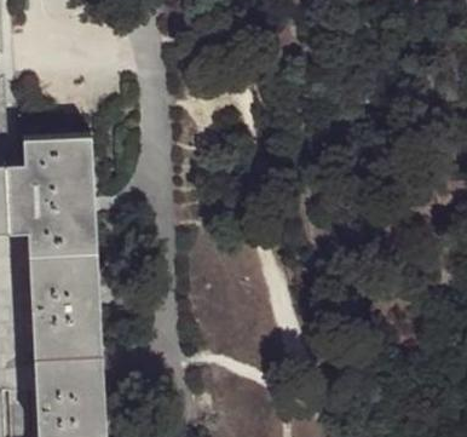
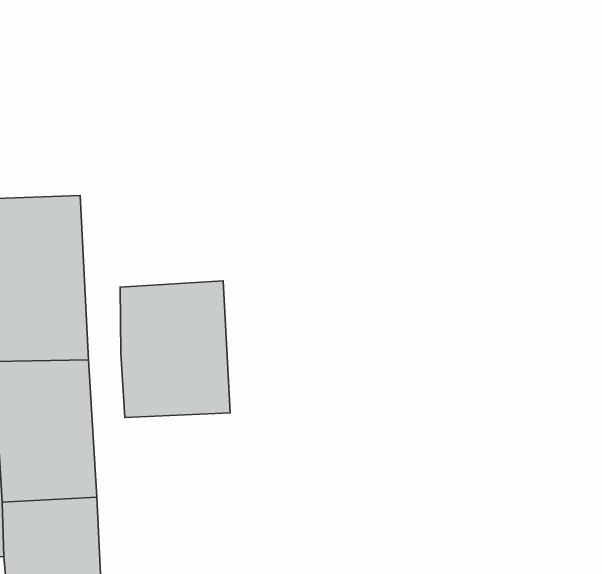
building: none -> [120,281,230,417]

